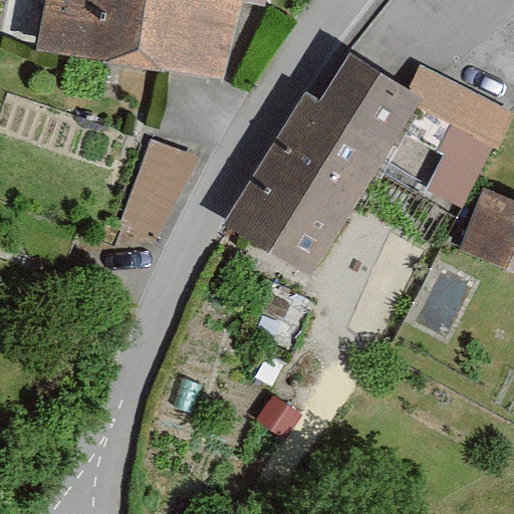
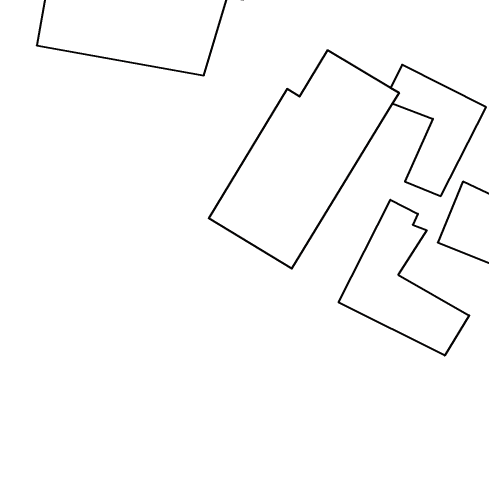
building: [124,124,204,225] -> none
building: none -> [339,200,469,356]

